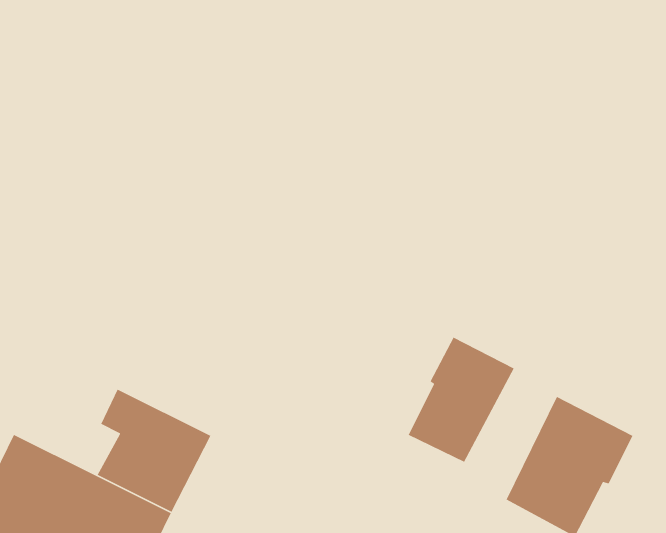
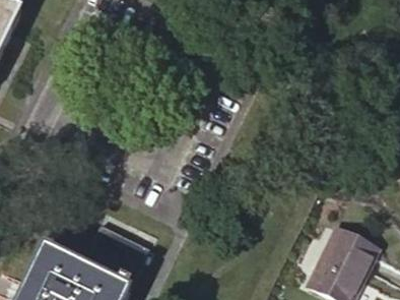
building: [407,336,515,463] -> none

